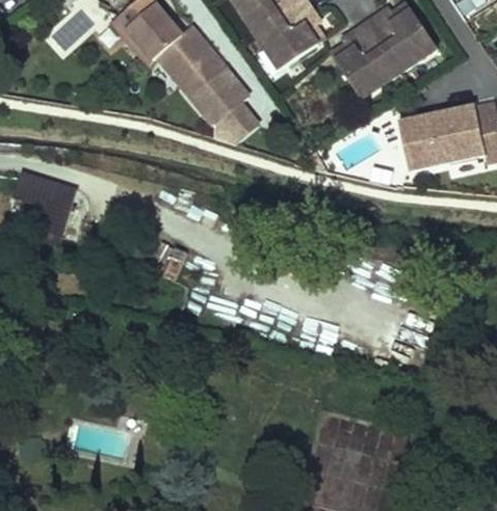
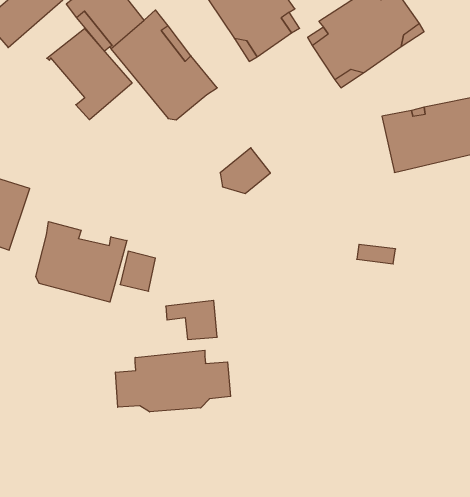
building: none -> [47,29,132,120]
building: [212,102,258,143] -> [220,148,270,194]
building: none -> [36,222,127,302]
building: none -> [116,350,231,412]

